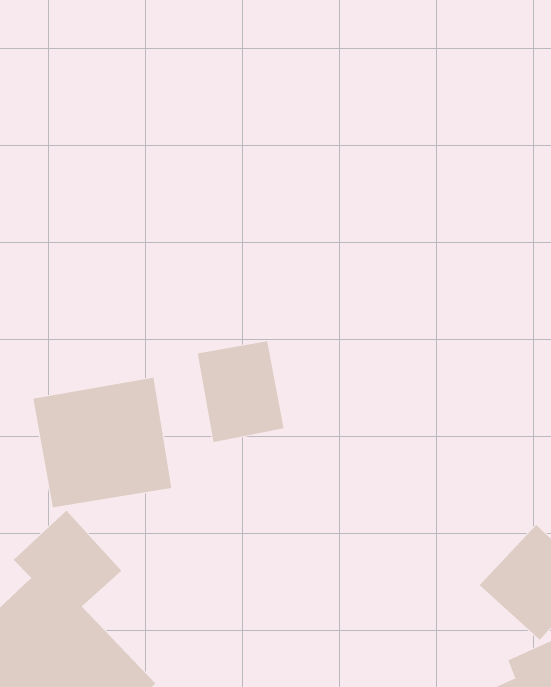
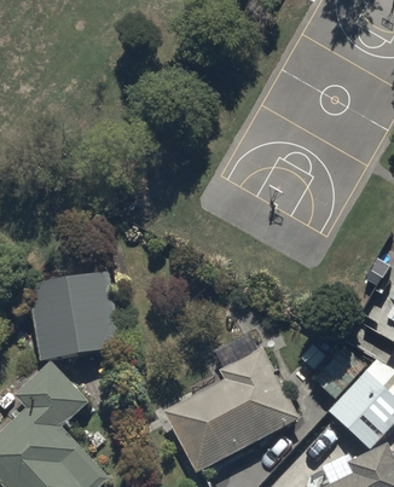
building: [197,341,284,443] -> none
building: none -> [163,347,299,471]

